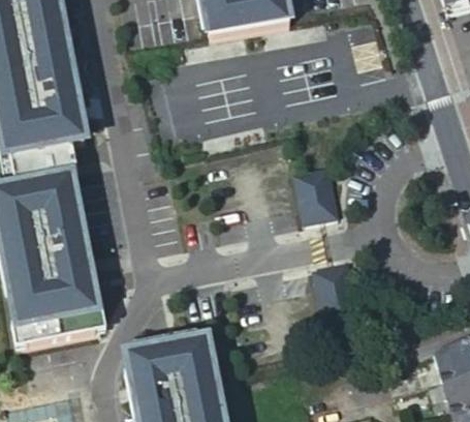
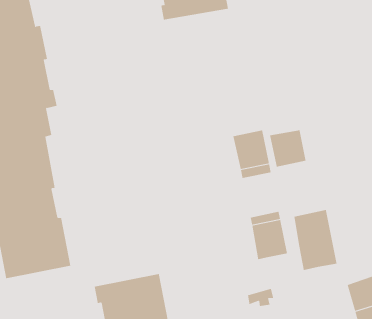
building: none -> [270,130,306,167]
building: none -> [294,209,337,271]

